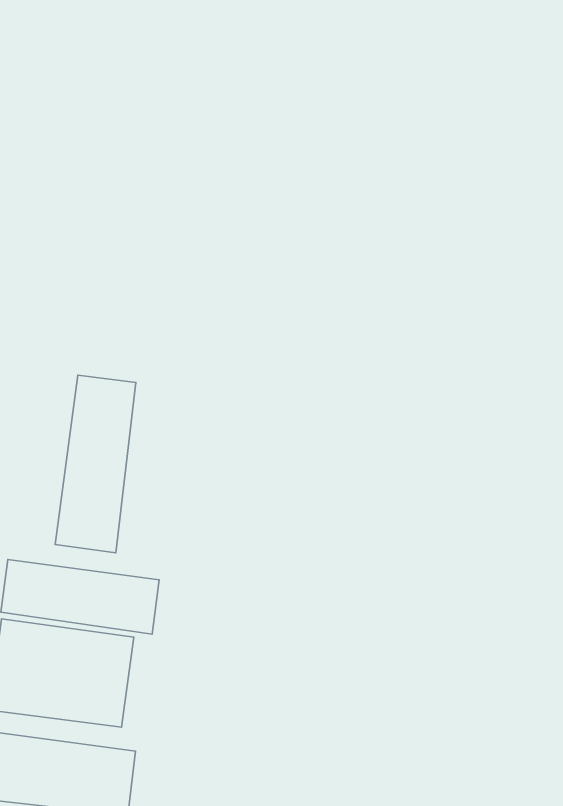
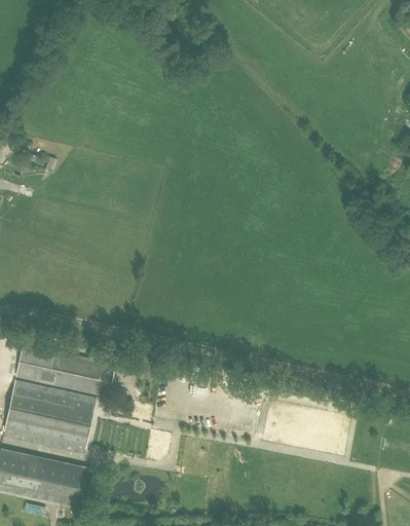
building: [55,375,136,553] -> none

